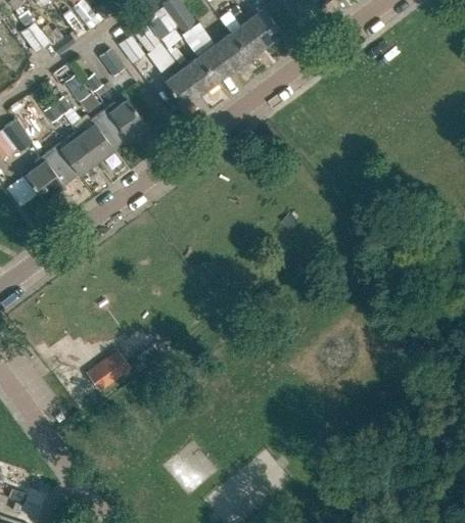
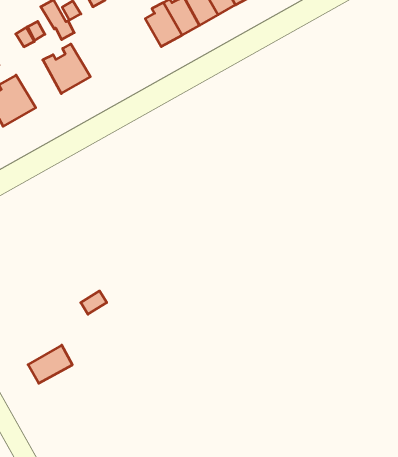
building: [98,100,146,144] -> none
building: [50,134,95,180] -> none
building: [88,351,130,390] -> [28,345,72,383]

